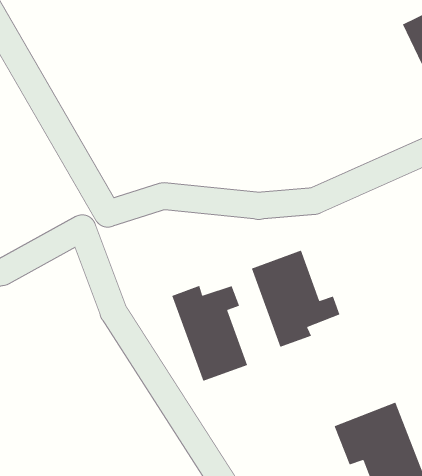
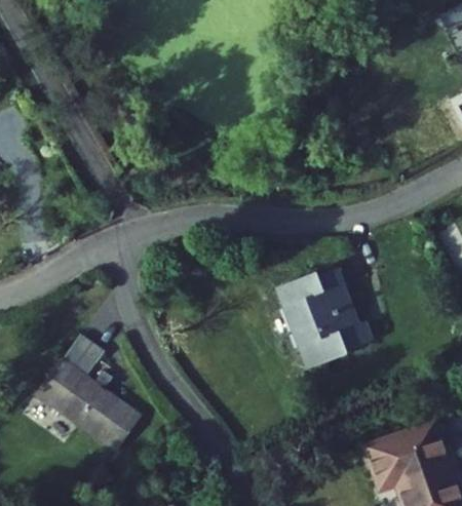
building: [171,285,248,382] -> none
building: none -> [38,341,144,458]

